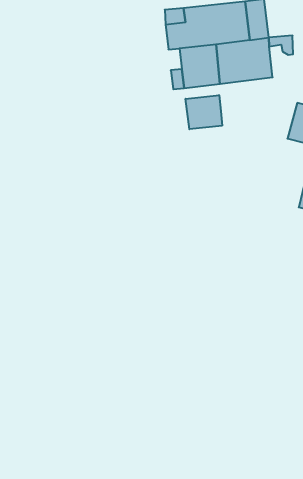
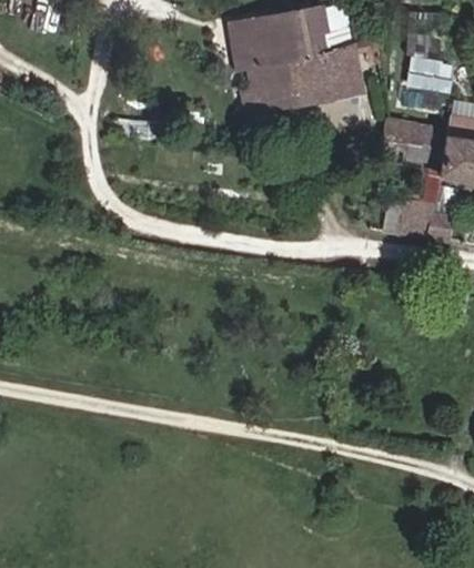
building: [186,95,222,129] -> none

